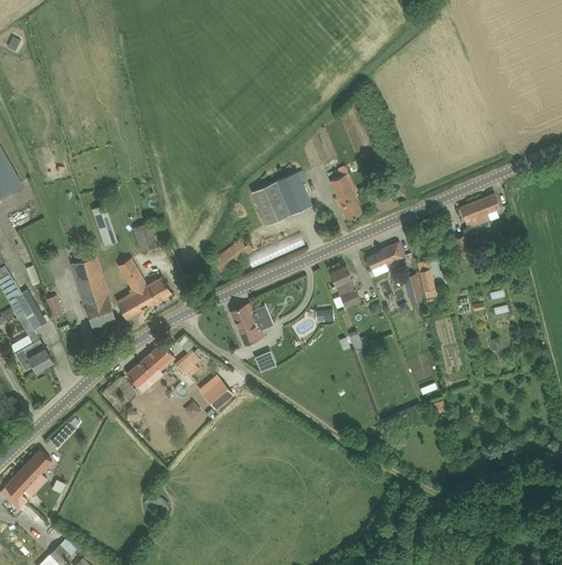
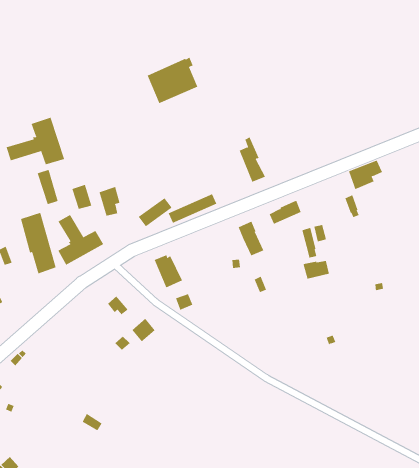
building: none -> [6,117,65,165]
building: [251,170,311,225] -> [147,57,198,104]
building: none -> [99,186,120,217]
building: none -> [303,260,330,280]
building: [126,342,174,386] -> none

